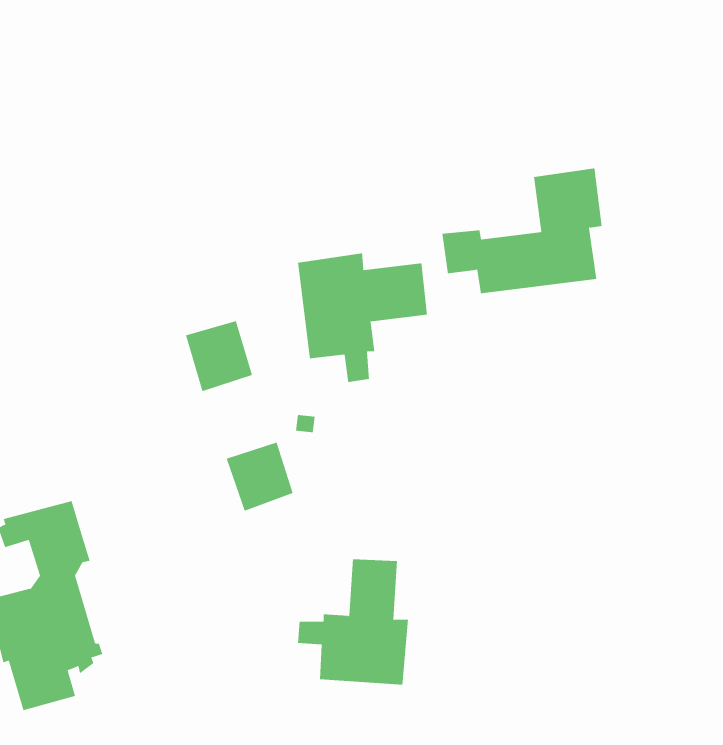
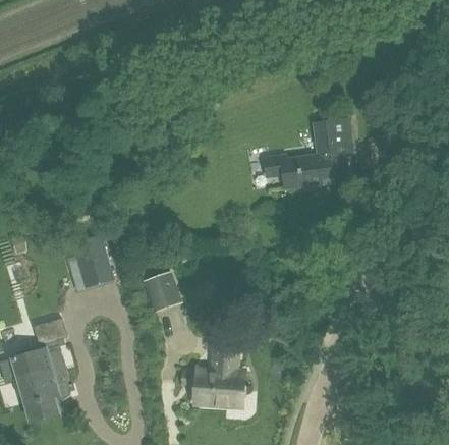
building: [297,252,427,383] -> none
building: [185,320,253,392] -> [75,247,113,287]

